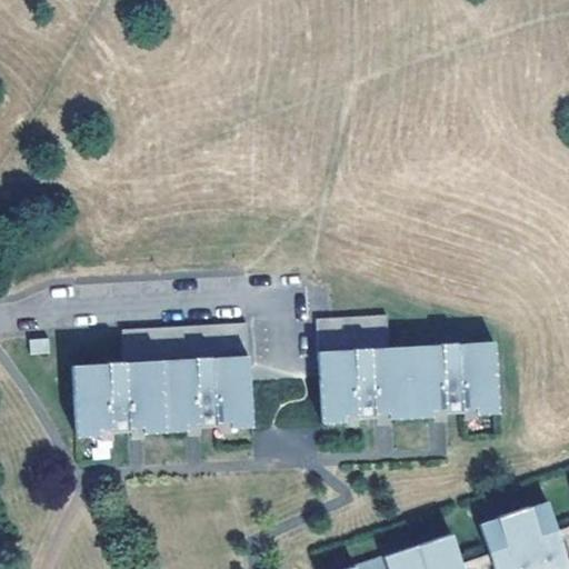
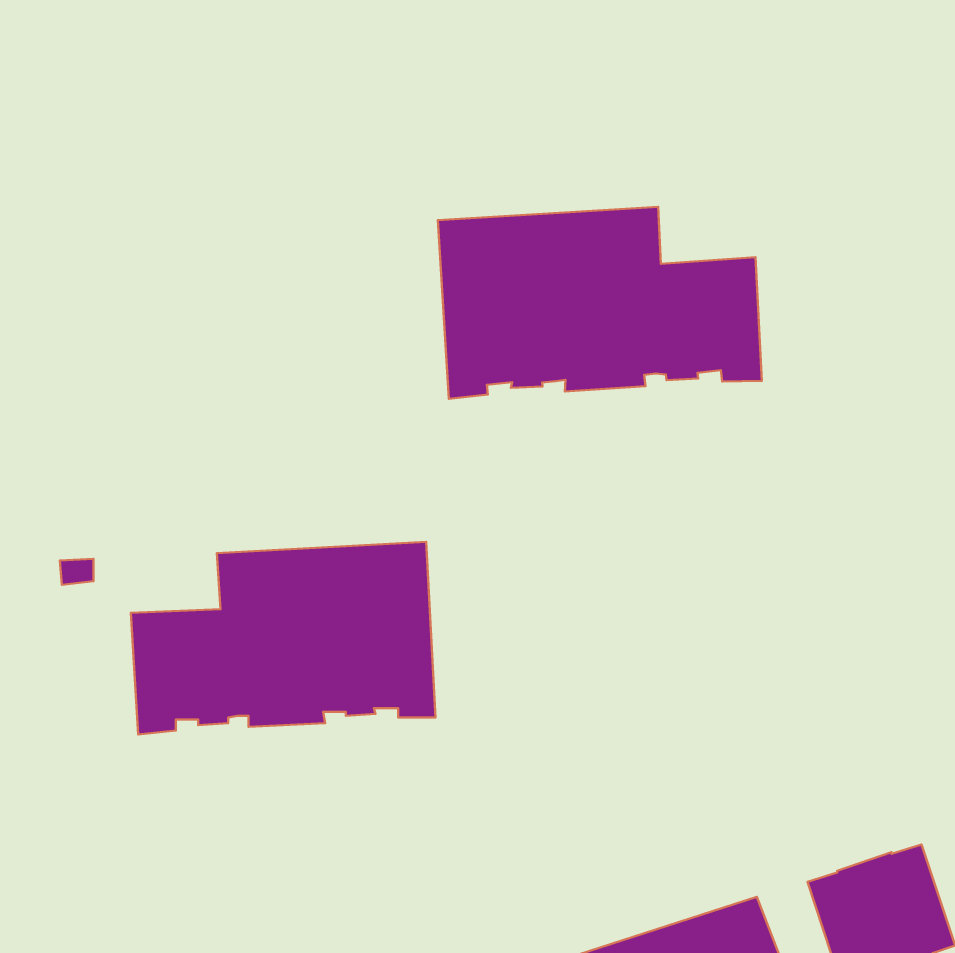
building: none -> [438,207,762,399]
building: [316,316,498,423] -> none

